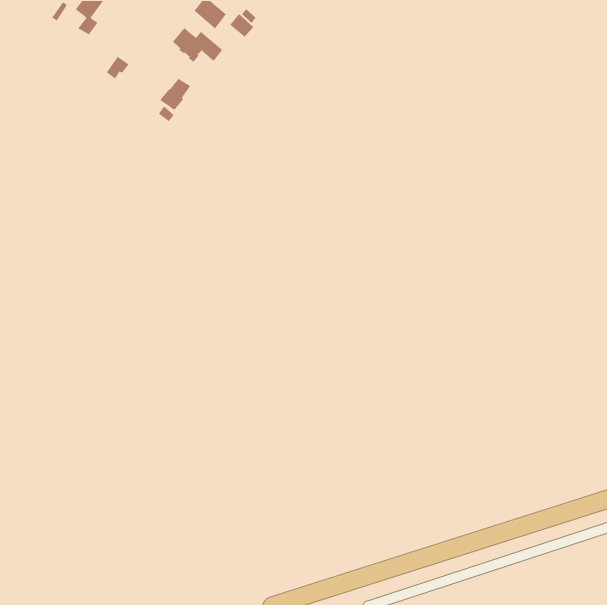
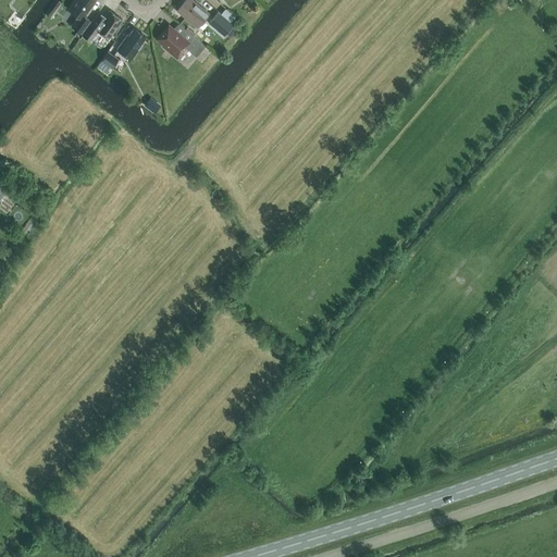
building: none -> [83,12,122,41]
building: [159,78,191,111] -> [116,29,146,60]

